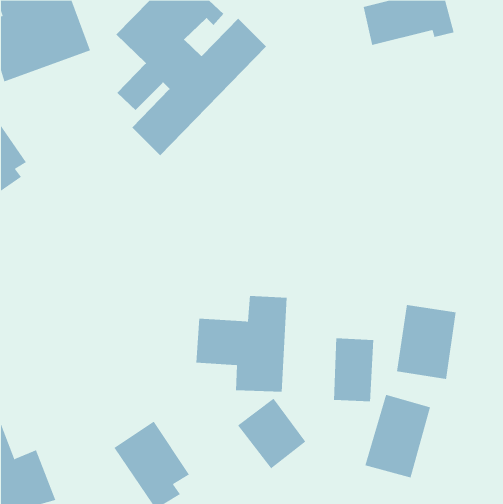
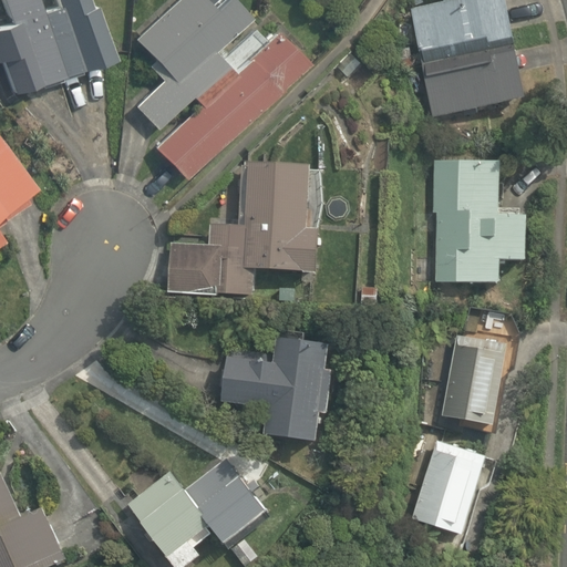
building: none -> [422,44,525,121]
building: none -> [434,157,527,279]
building: none -> [169,163,319,292]
building: [333,337,374,402] -> none
building: [237,398,306,469] -> [187,458,265,538]

